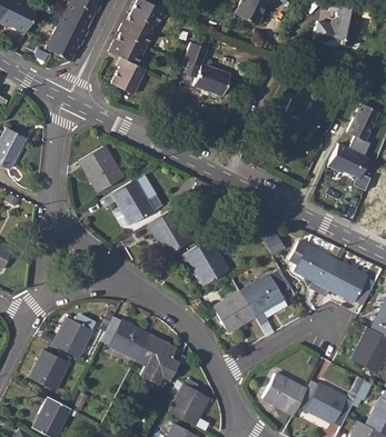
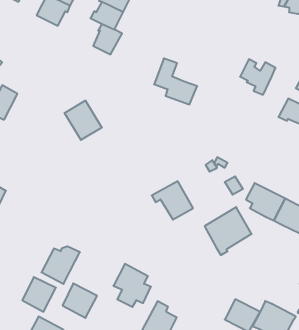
building: [180,41,230,95] -> [154,58,197,104]
building: [112,175,161,225] -> none
building: [149,209,191,254] -> none
building: [215,291,255,330] -> none
building: [109,320,149,360] -> [63,283,97,318]

